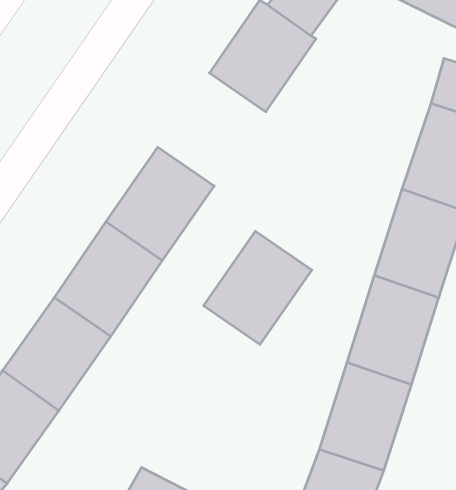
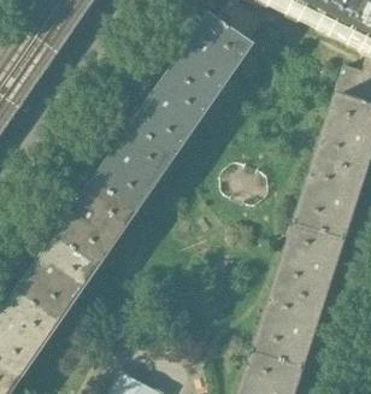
building: [204,231,312,344] -> [132,69,213,153]

